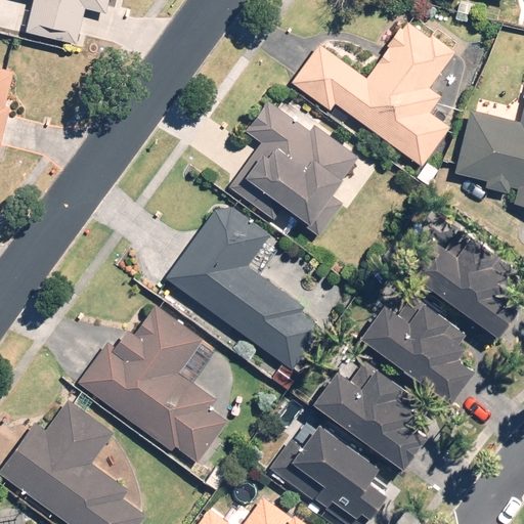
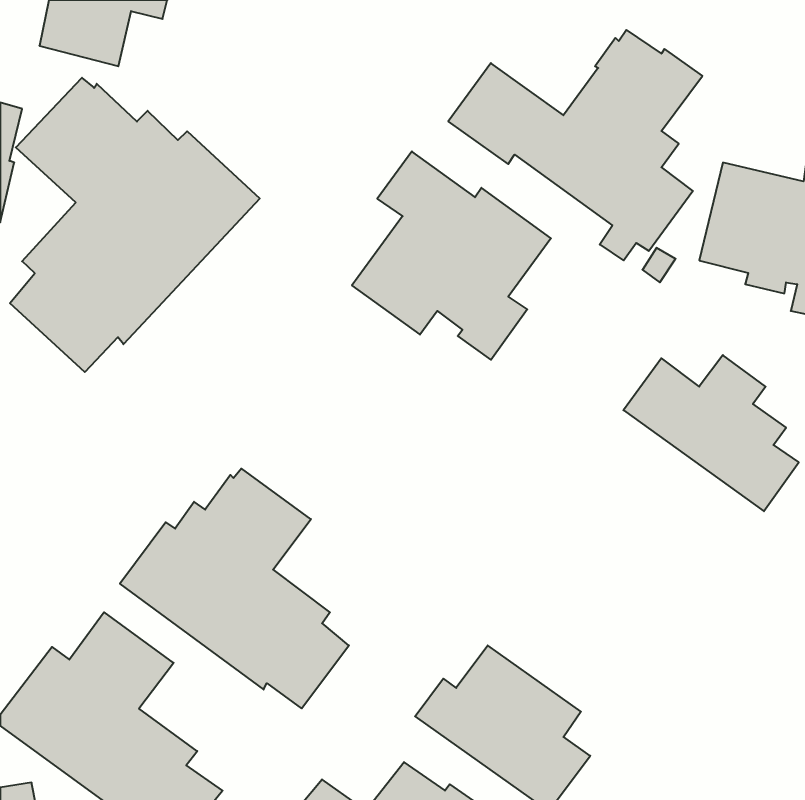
building: none -> [10,78,260,372]
building: [165,208,322,391] -> none
building: [358,300,472,401] -> none
building: [311,367,425,469] -> none

